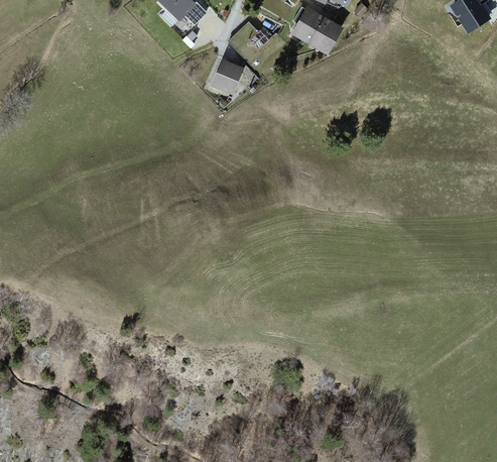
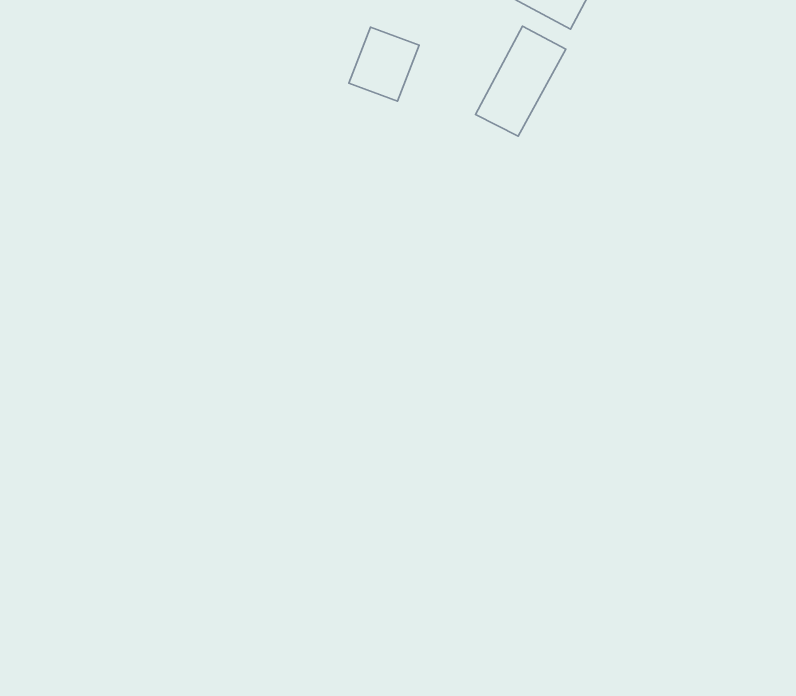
building: none -> [476,26,566,136]

